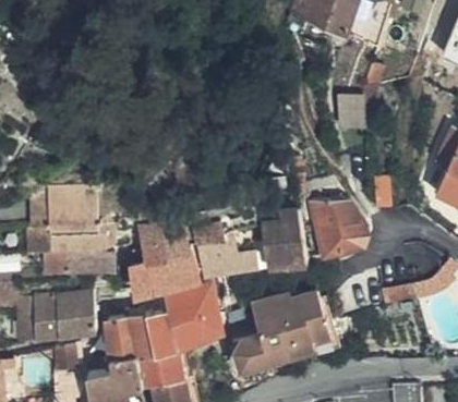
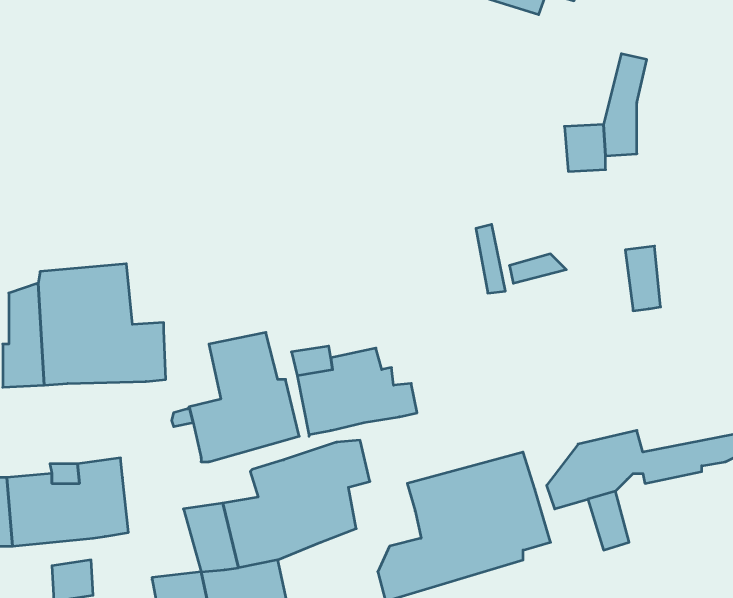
building: [310,200,365,256] -> none
building: [261,207,306,266] -> none
building: [62,249,107,273] -> none
building: [104,320,136,358] -> none

